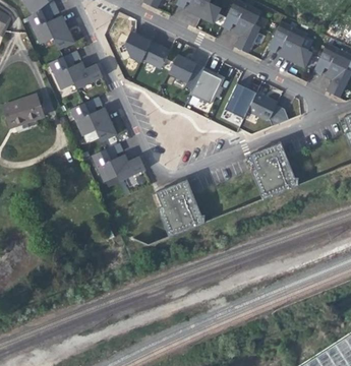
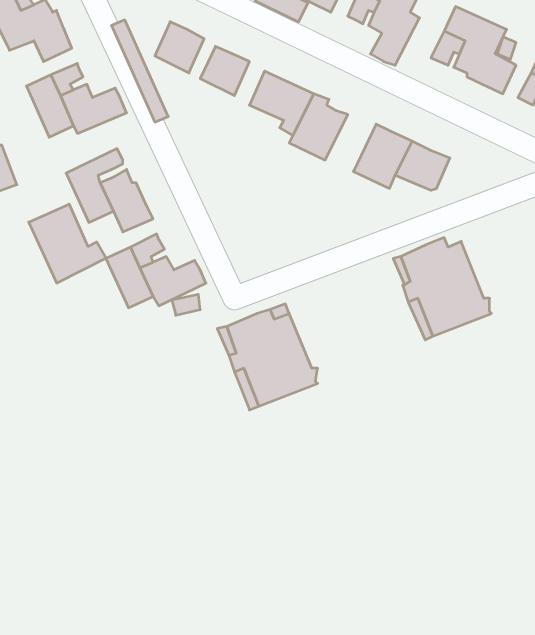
building: none -> [29,204,106,283]

